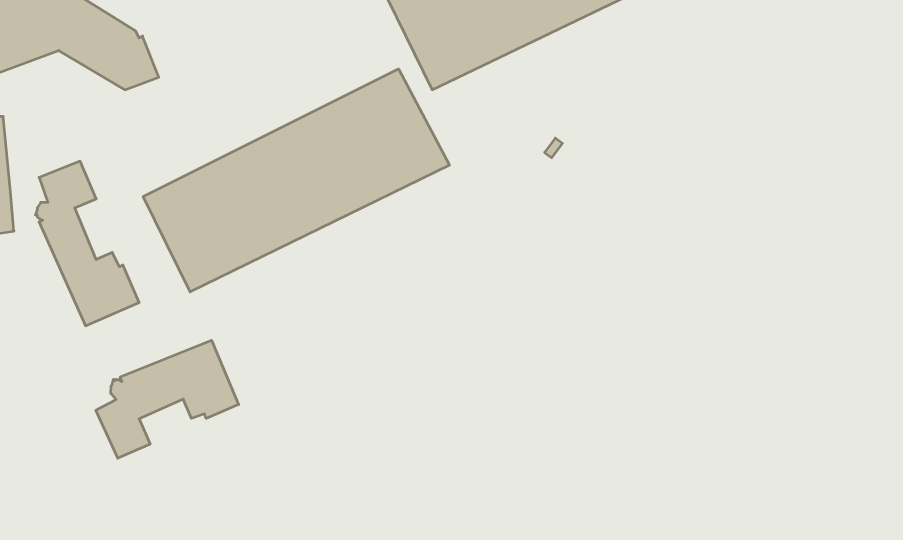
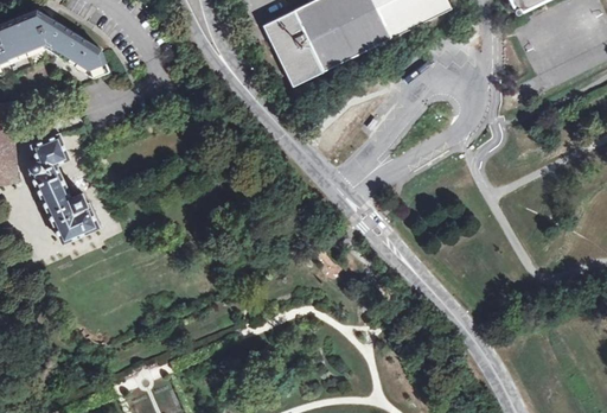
building: [143,69,449,292] -> none
building: [96,340,239,458] -> none

